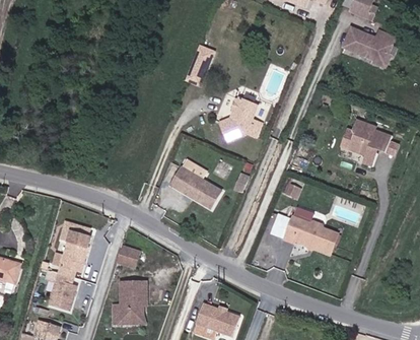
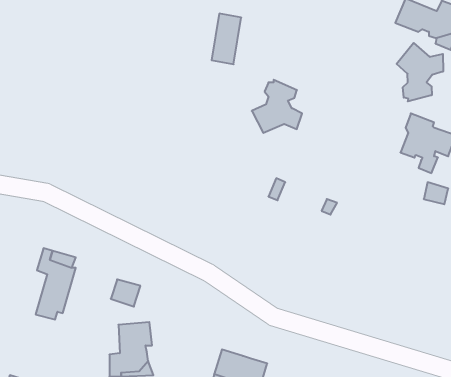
building: none -> [397,43,443,101]
building: [178,162,227,203] -> none
building: [280,214,335,253] -> none
building: [48,275,76,313] -> none

